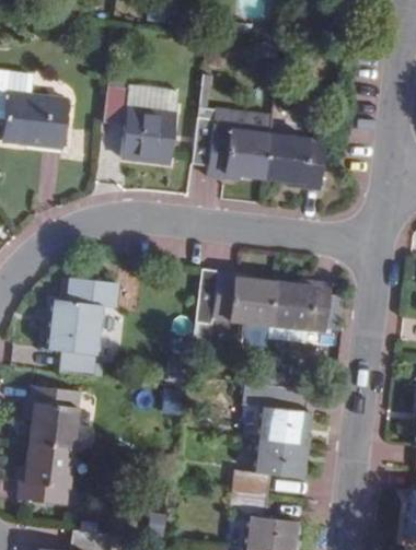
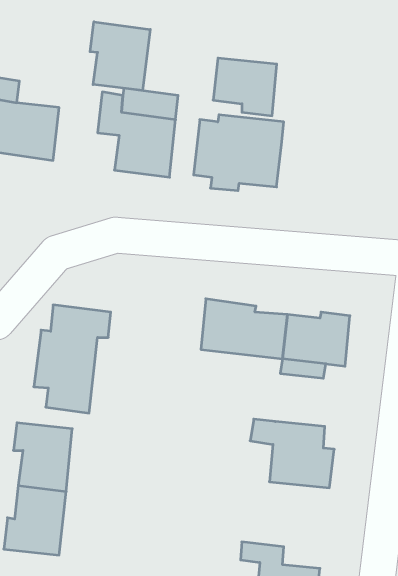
building: none -> [90,22,150,90]
building: [267,134,325,187] -> [213,58,277,116]
building: [235,441,315,500] -> none

